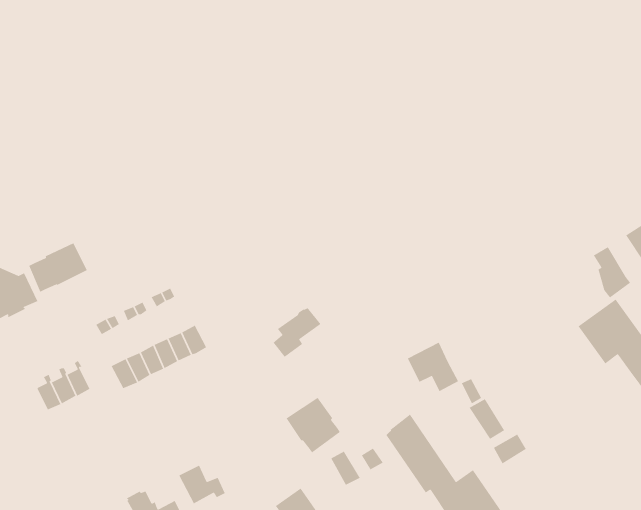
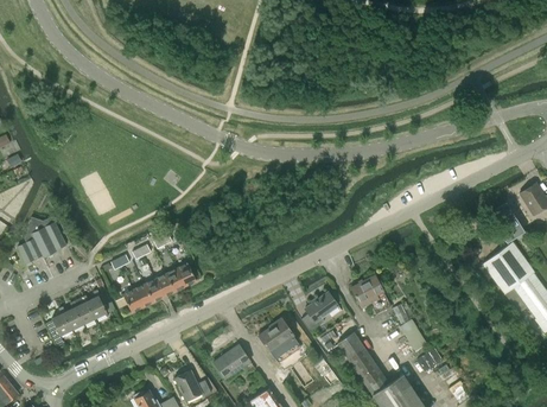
building: [28,242,88,293] -> none
building: [272,307,322,358] -> [301,292,339,331]
building: none -> [46,306,74,346]
building: none -> [214,344,250,379]

